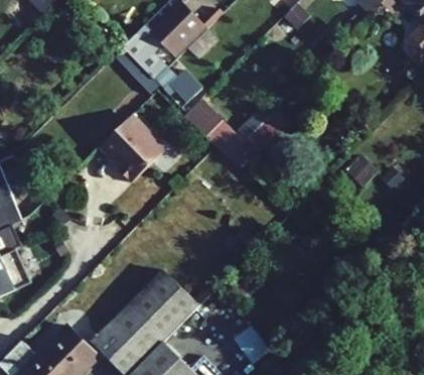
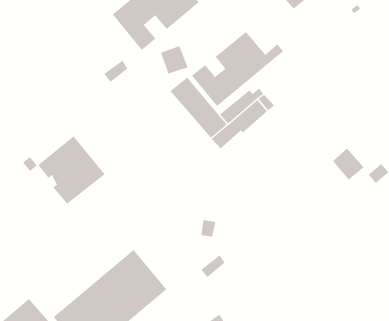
building: none -> [191,31,284,107]
building: [100,116,165,182] -> [38,136,105,205]

